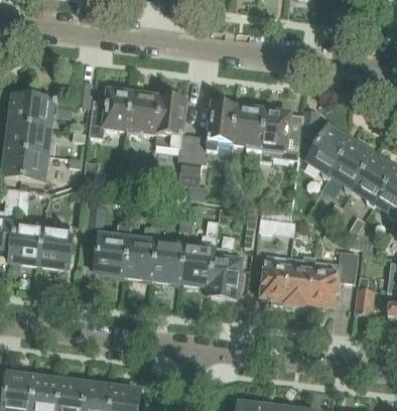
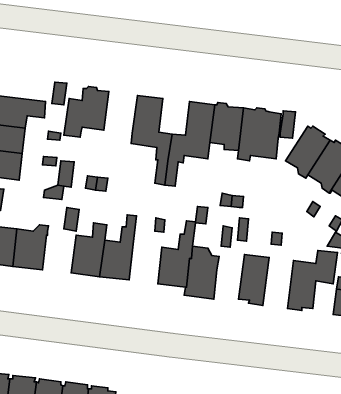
building: [126,92,160,136] -> none
building: [152,243,184,282] -> none
building: [284,254,314,306] -> none

